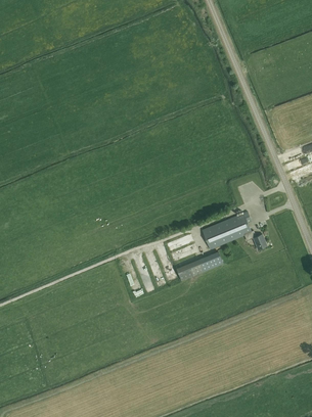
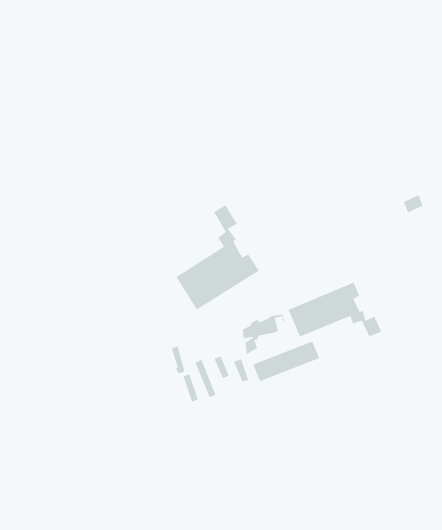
building: none -> [175,204,260,310]

